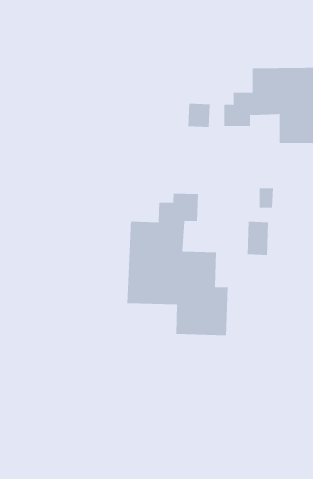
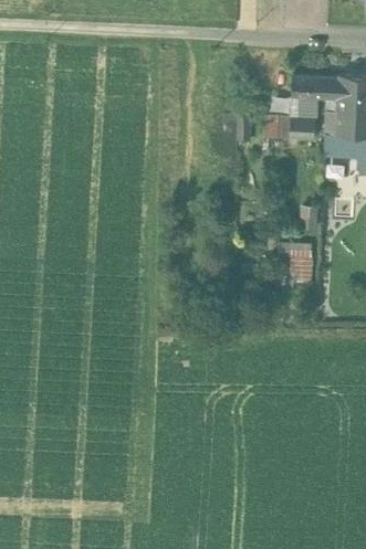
building: [127,193,228,336] -> none

